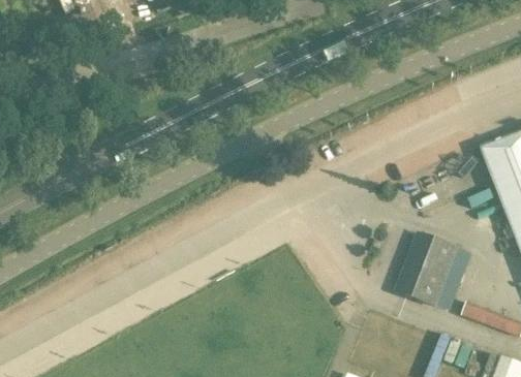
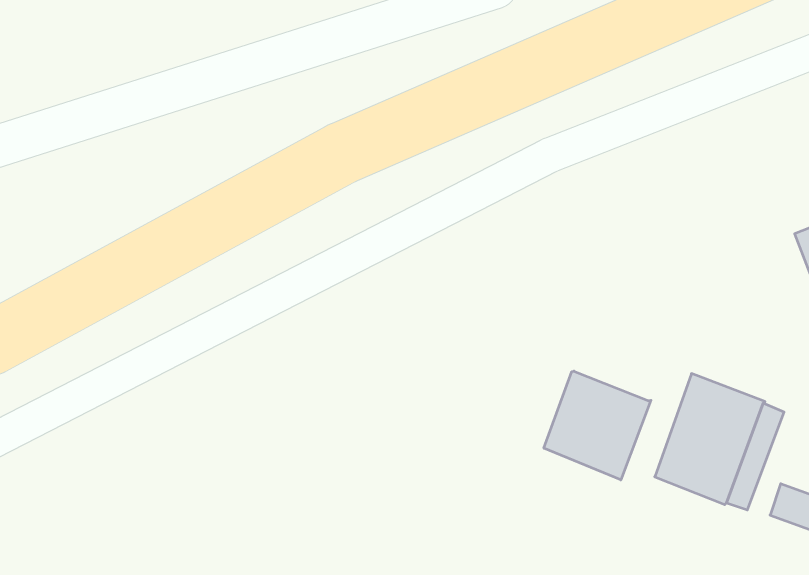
building: none -> [544,371,651,480]

